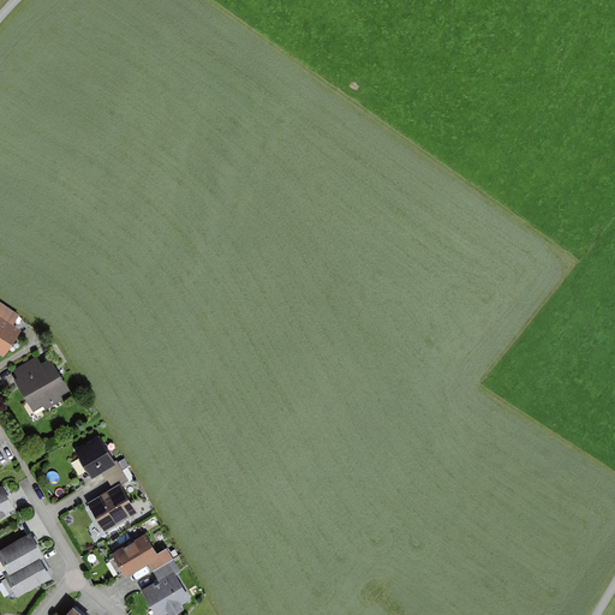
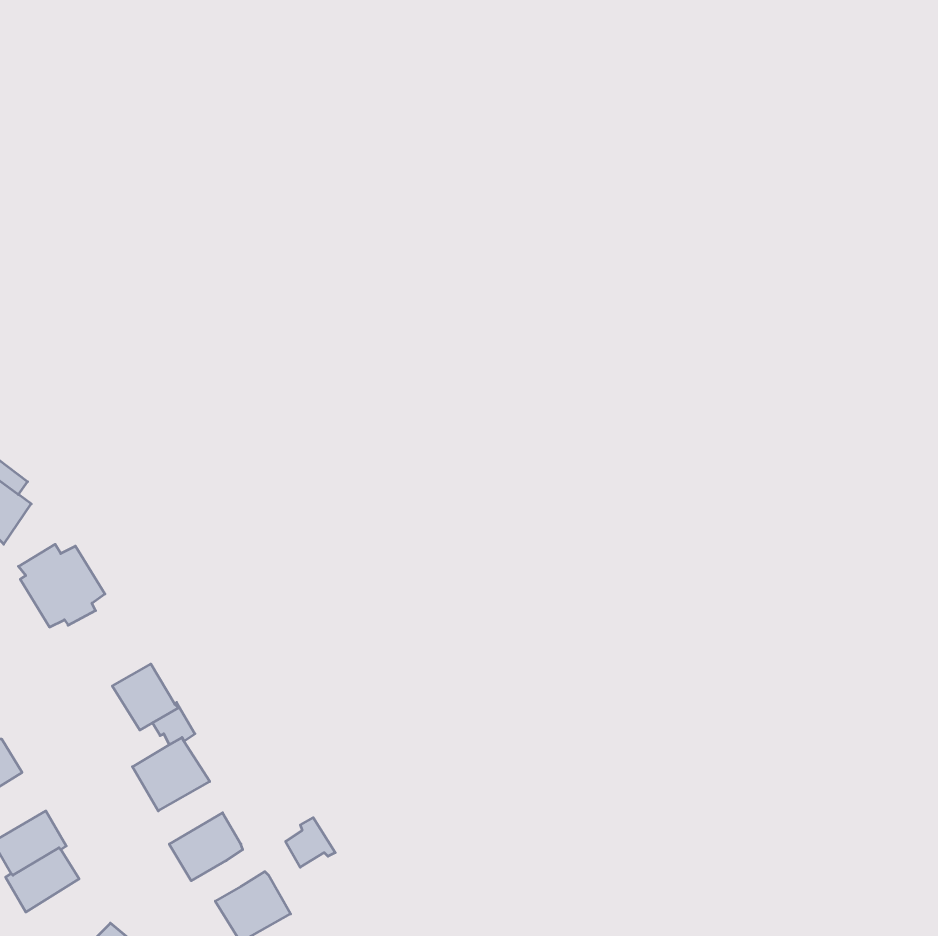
building: [148,549,180,581] -> [286,818,335,867]

